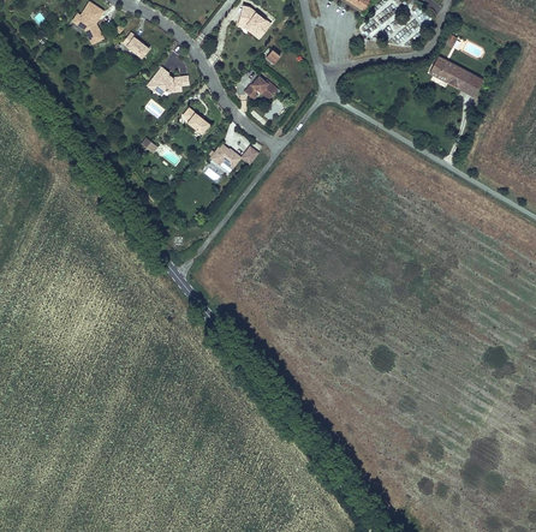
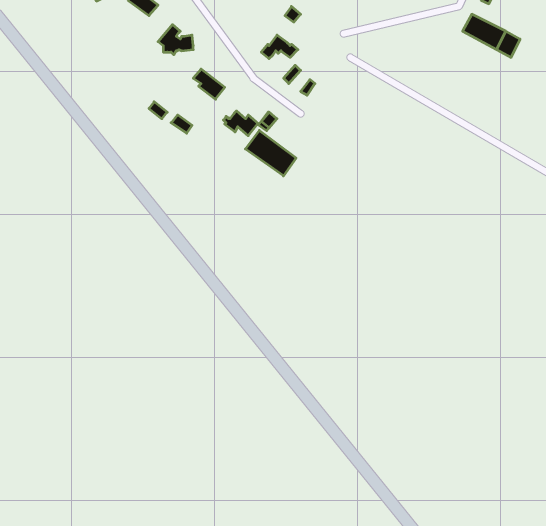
building: none -> [245,130,296,176]

